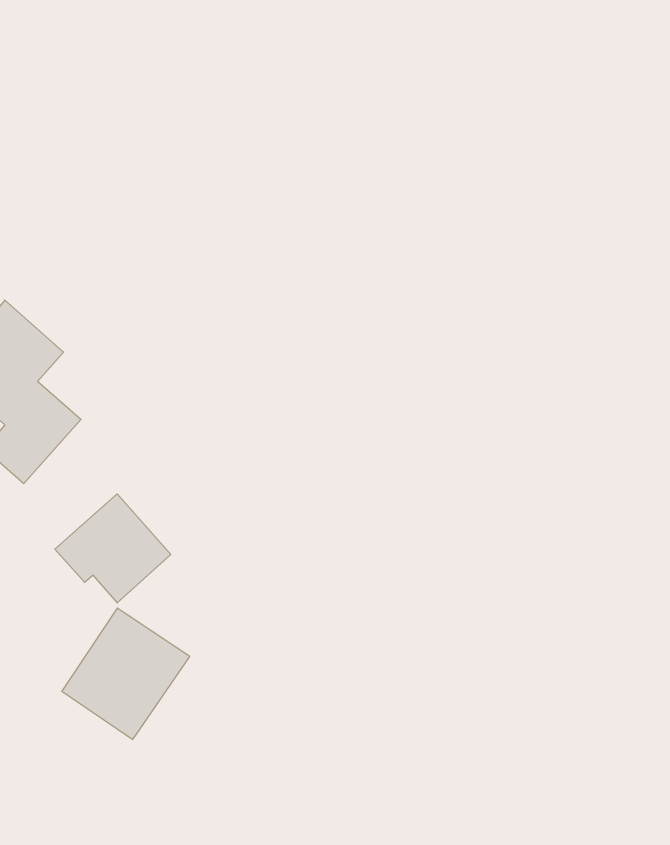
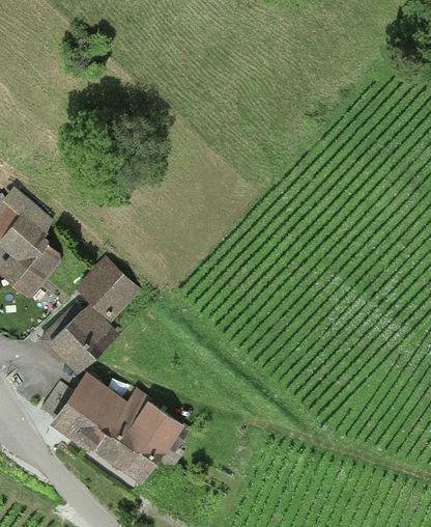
building: none -> [84,261,139,316]
building: none -> [92,392,176,480]

